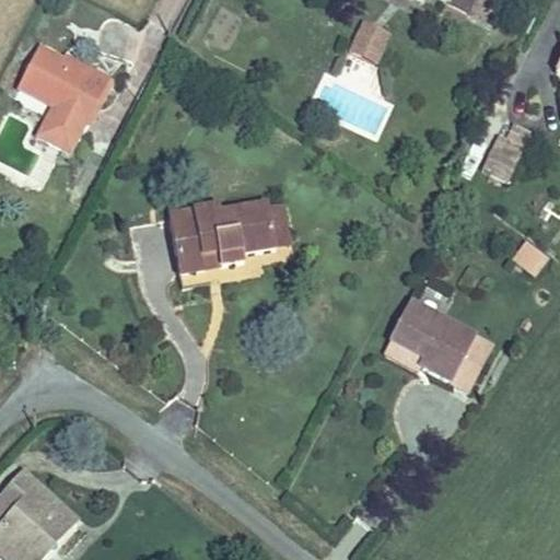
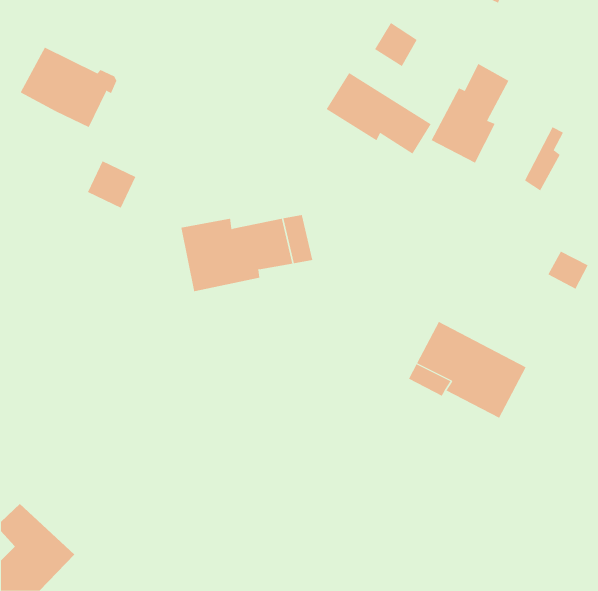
building: none -> [431,63,509,164]
building: none -> [326,72,432,155]
building: [38,104,84,149] -> [87,160,136,208]

